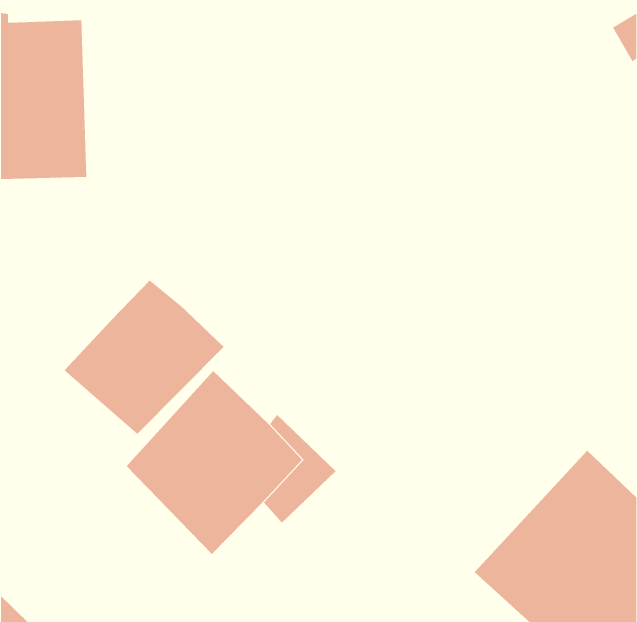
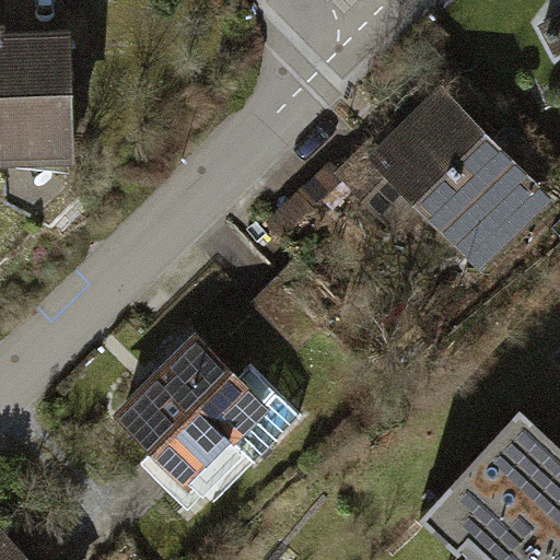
building: none -> [357,89,542,276]
building: [63,280,225,435] -> none

